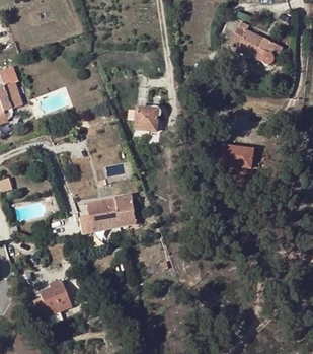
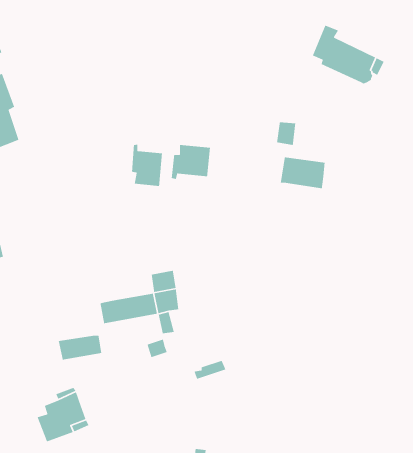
building: none -> [131,144,163,187]
building: [220,144,252,167] -> [280,156,325,189]
building: [86,198,118,216] -> [58,335,102,360]

